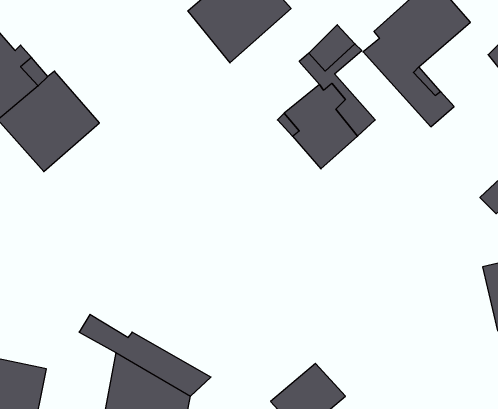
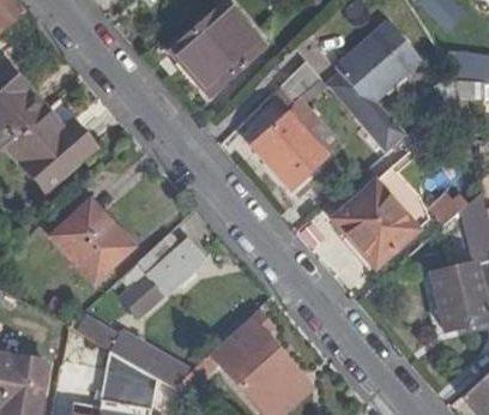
building: none -> [332,181,417,266]
building: none -> [53,202,132,281]
building: none -> [122,233,206,317]
building: none -> [175,319,285,393]

